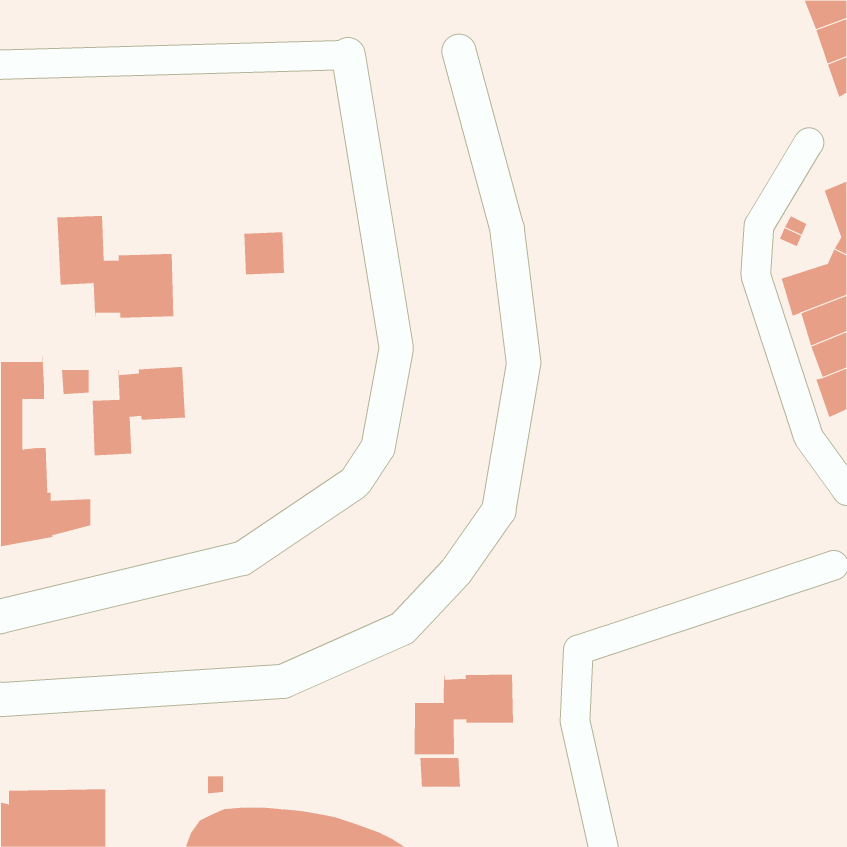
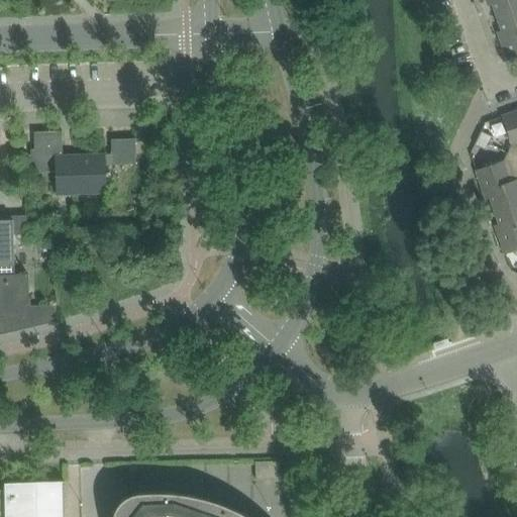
building: [243,232,285,275] -> [111,139,136,166]
building: [92,366,186,456] -> none
building: [414,674,513,755] -> none

